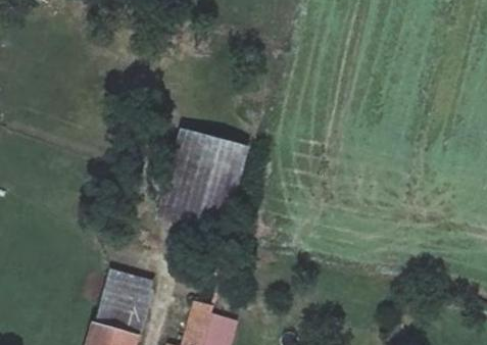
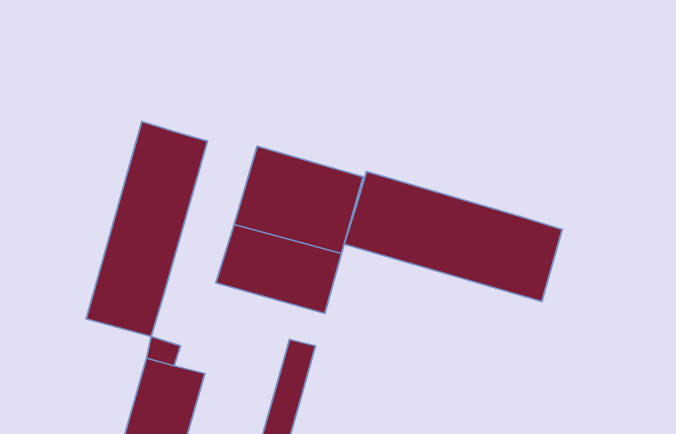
building: none -> [86,121,208,337]
building: none -> [344,171,562,301]

